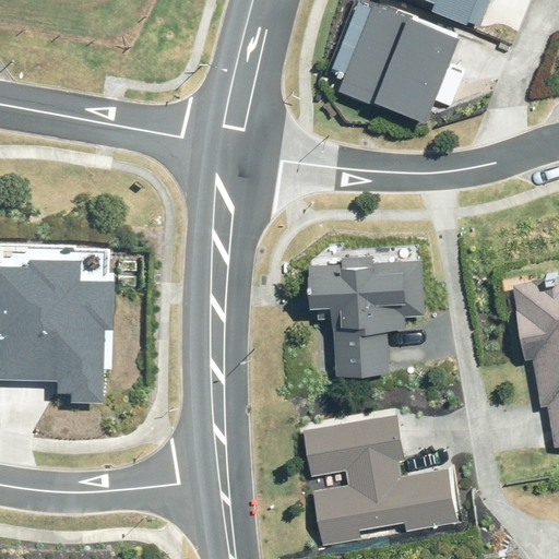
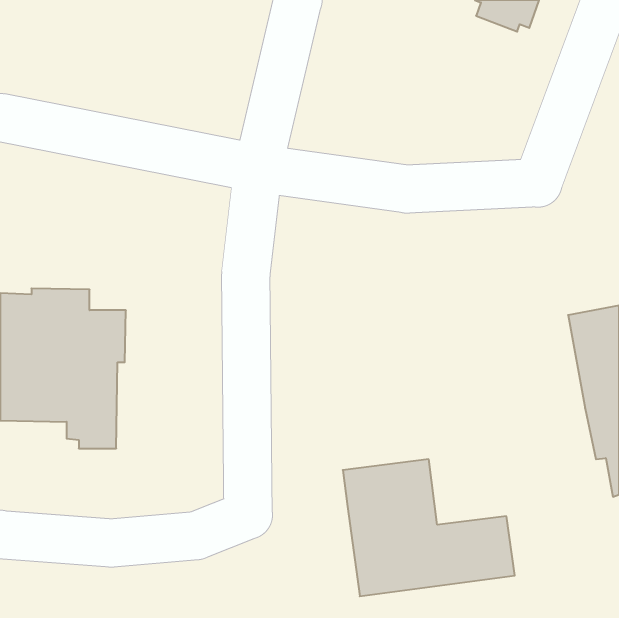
building: [338,9,455,122] -> none
building: [321,242,431,377] -> none

